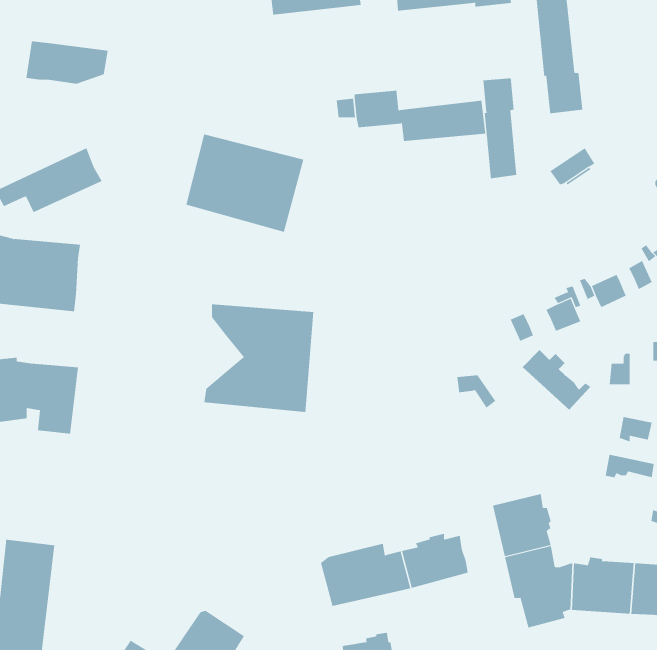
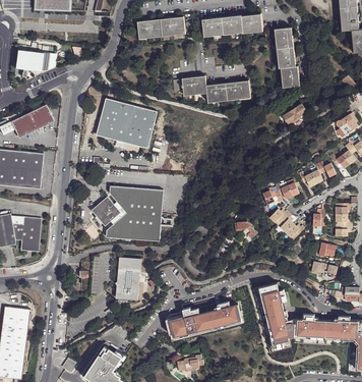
building: [483,78,517,179] -> none
building: none -> [90,196,125,225]
building: none -> [115,257,140,301]

